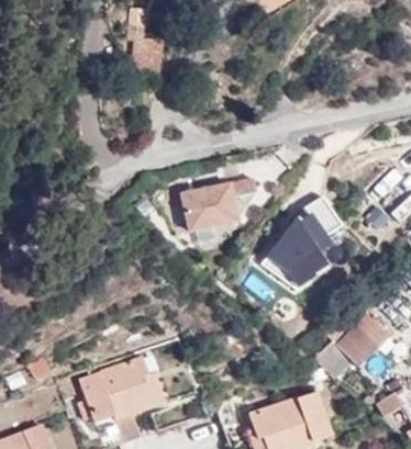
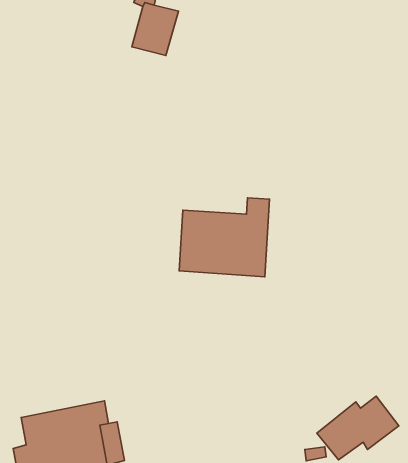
building: [265,198,346,291] -> none

